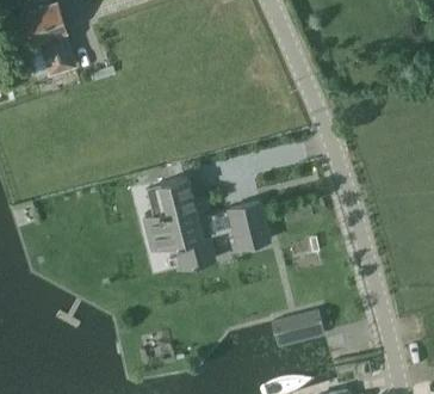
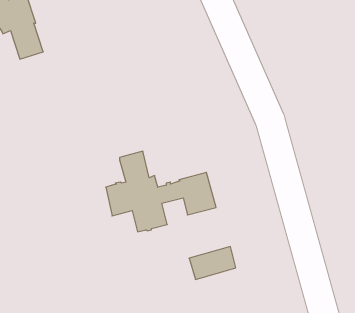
building: [272,310,324,347] -> [189,247,236,279]

